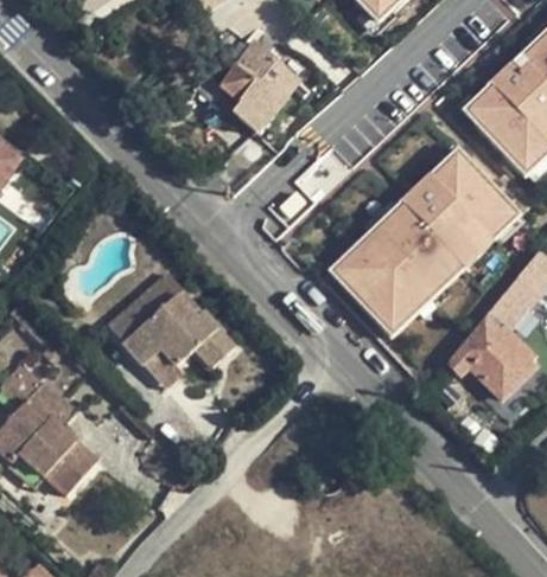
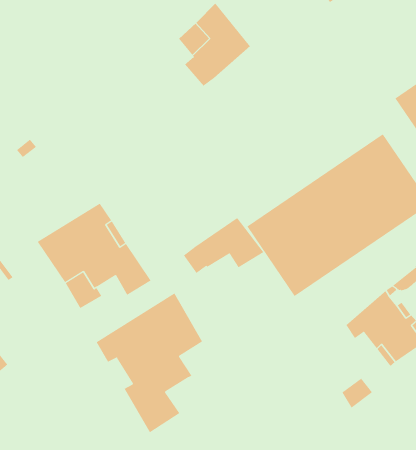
building: none -> [183,217,264,274]
building: none -> [96,293,203,433]

